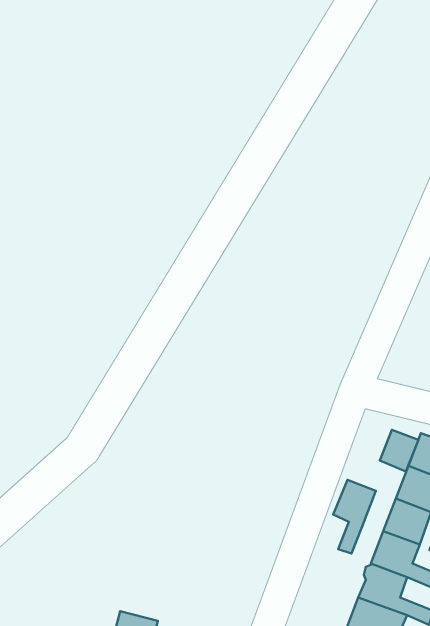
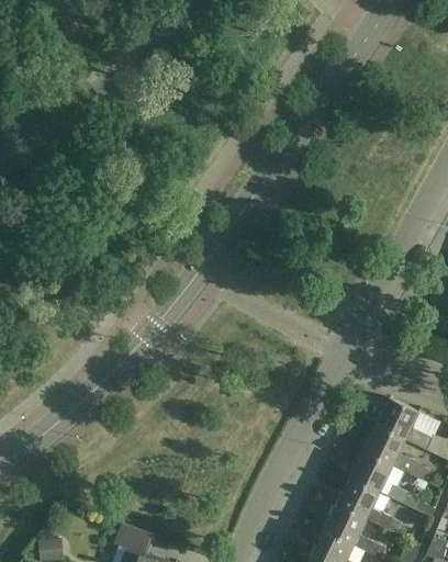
building: [380,430,418,472] -> none
building: [333,480,376,554] -> none

